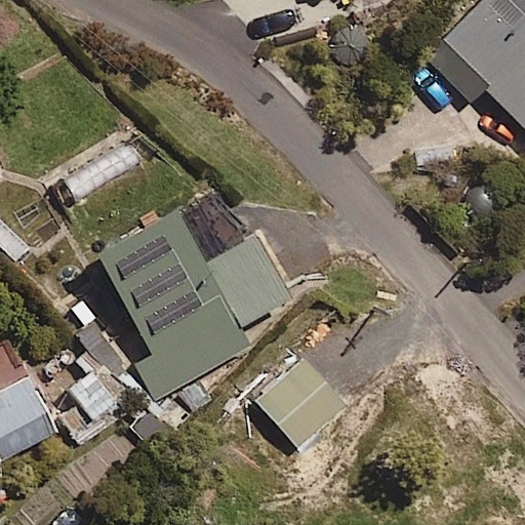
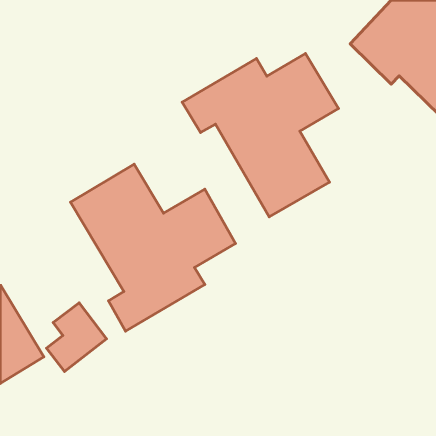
building: none -> [182,53,339,217]
building: [256,357,349,449] -> none

